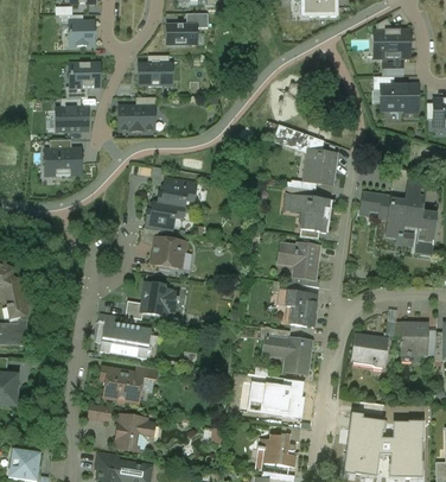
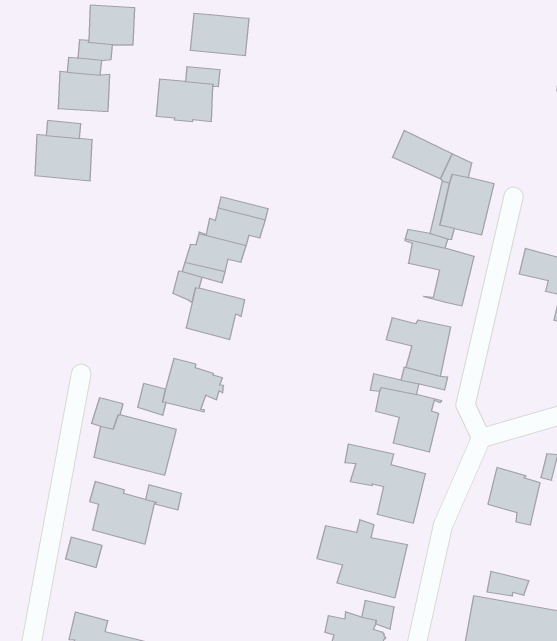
building: [117,417,152,450] -> none

